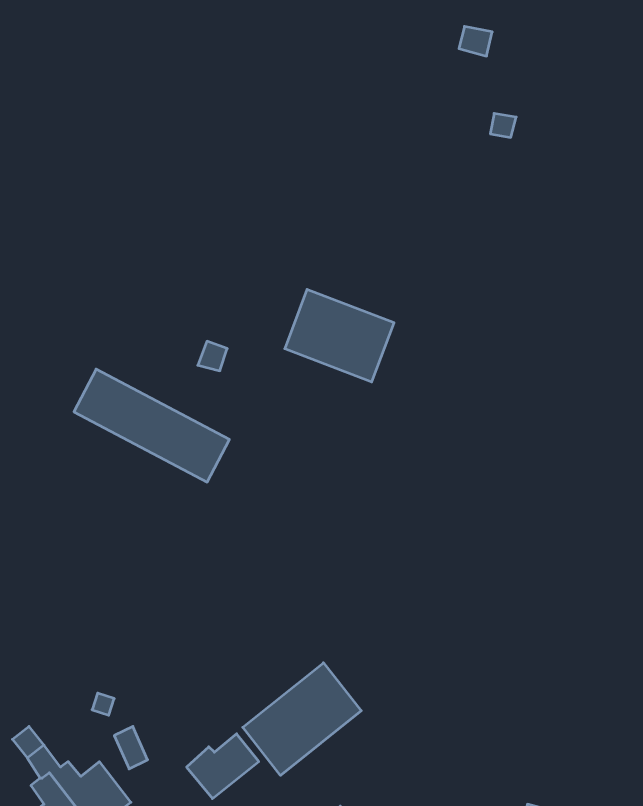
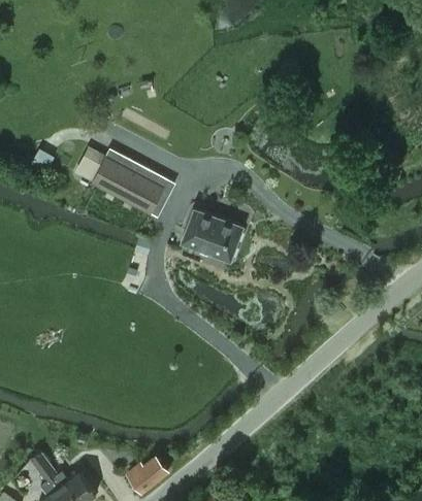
building: [74,369,229,482] -> [76,149,163,212]
building: [243,663,361,775] -> none

